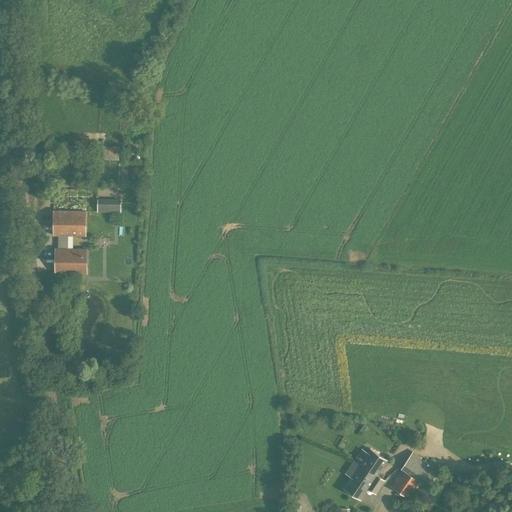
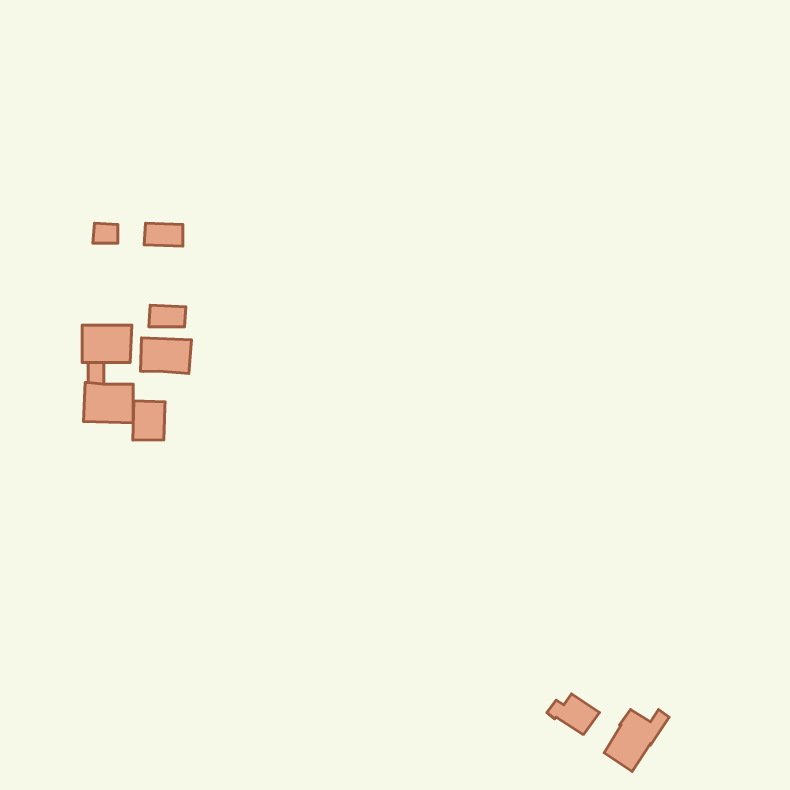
building: none -> [140,338,192,373]
building: none -> [133,401,165,440]
building: [342,463,384,499] -> none

